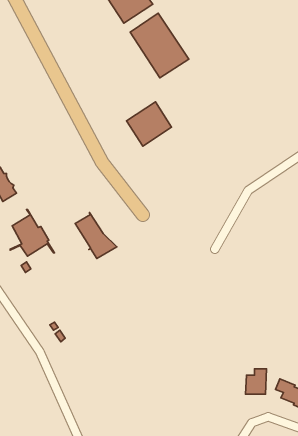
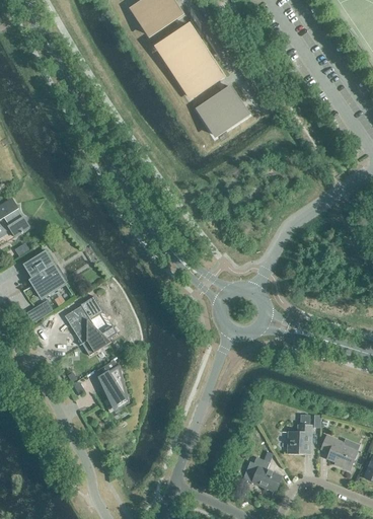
building: [127,102,172,146] -> [198,85,248,135]
building: [75,213,117,259] -> [64,302,110,354]
building: none -> [97,363,129,410]
building: none -> [251,455,280,490]

